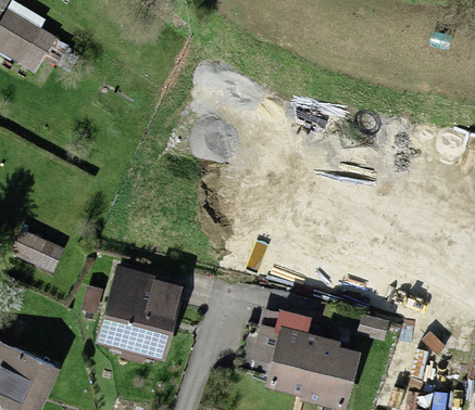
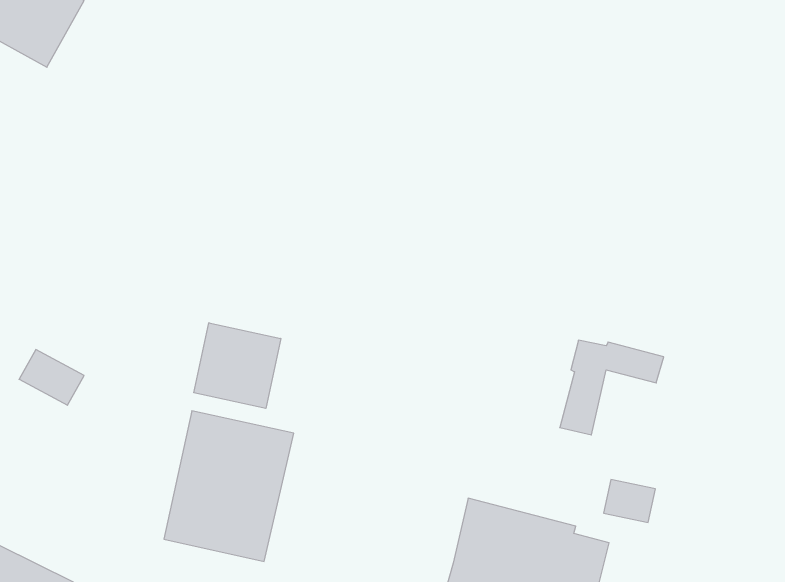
building: none -> [194,323,281,408]
building: [252,306,313,361] -> [560,340,664,435]

